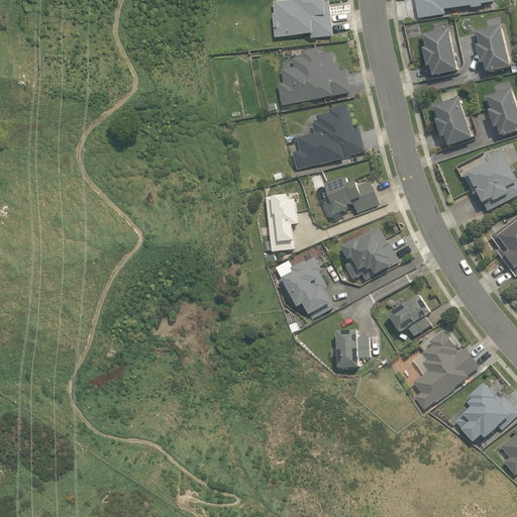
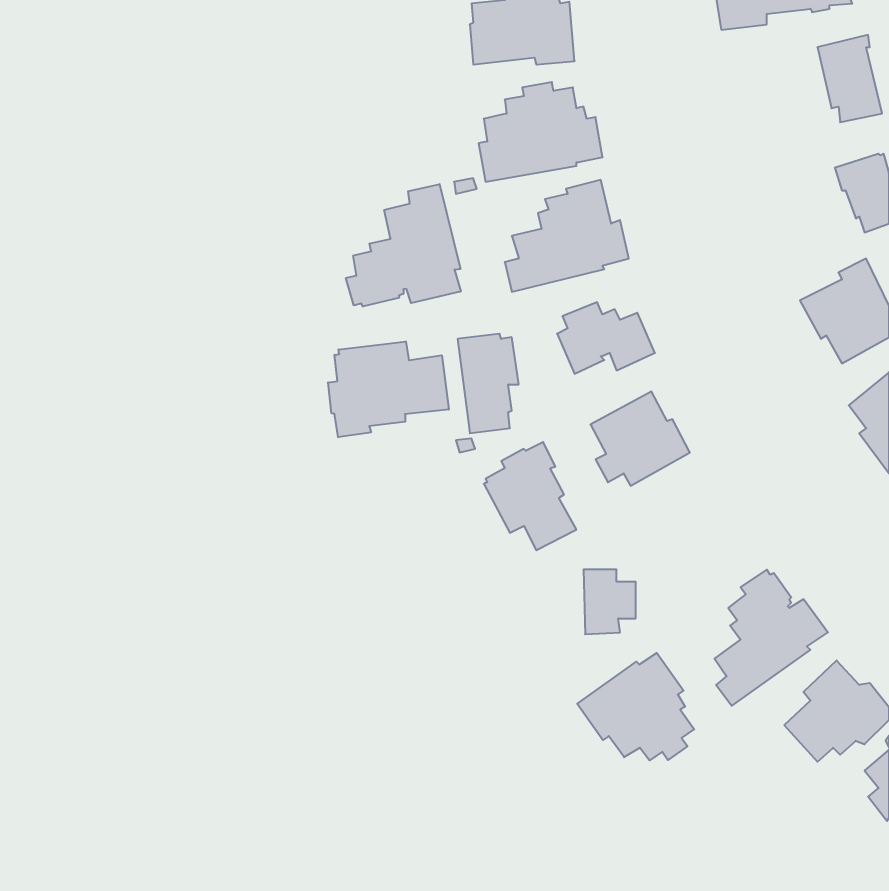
building: [420,25,457,75] -> none
building: [429,97,472,144] -> none
building: none -> [346,184,461,307]
building: none -> [328,341,449,437]
building: [388,294,429,336] -> none
building: none -> [577,653,694,760]

